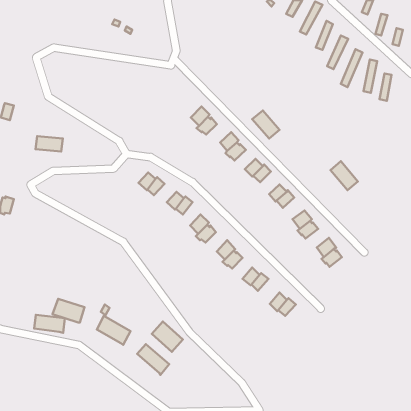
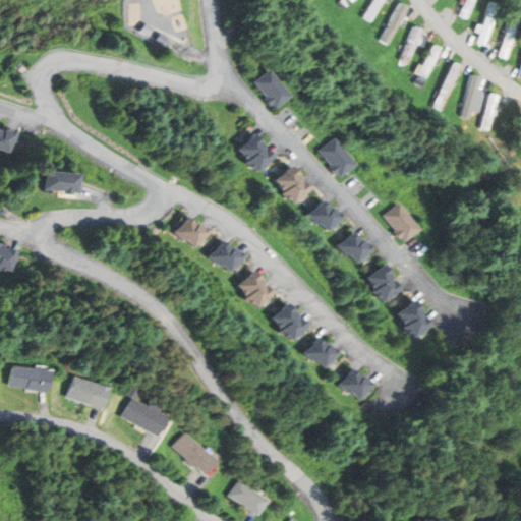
building: none -> [255,71,290,108]
building: [330,161,358,190] -> [385,205,419,241]
building: [34,315,65,333] -> [10,368,49,391]
building: [152,322,183,352] -> none
building: none -> [229,482,267,515]

